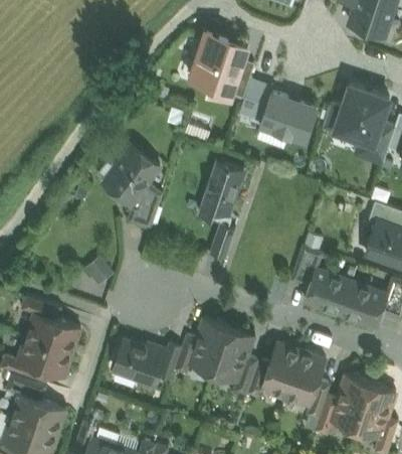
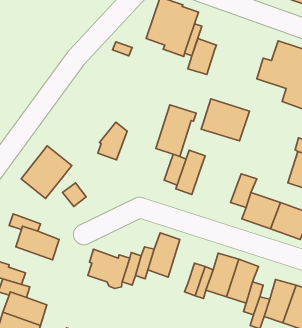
building: [259,93,319,144] -> [201,99,249,141]
building: [99,143,162,207] -> [21,146,72,198]
building: none -> [176,150,205,195]
building: [214,326,253,381] -> none
building: [18,335,72,375] -> none

